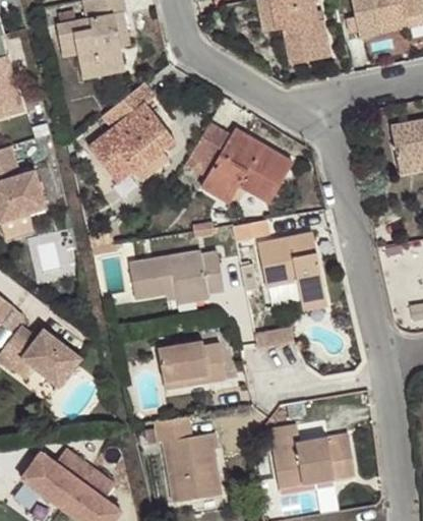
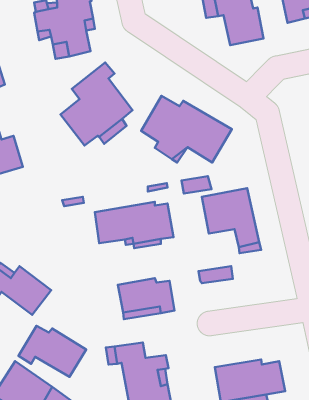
building: none -> [19,326,86,377]

